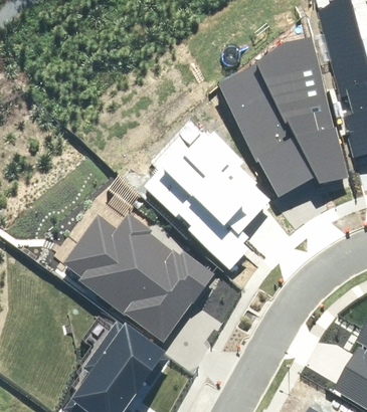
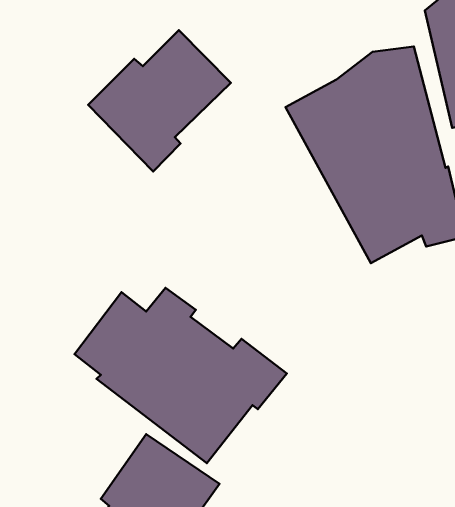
building: none -> [88,30,231,171]
building: [145,121,270,268] -> none

